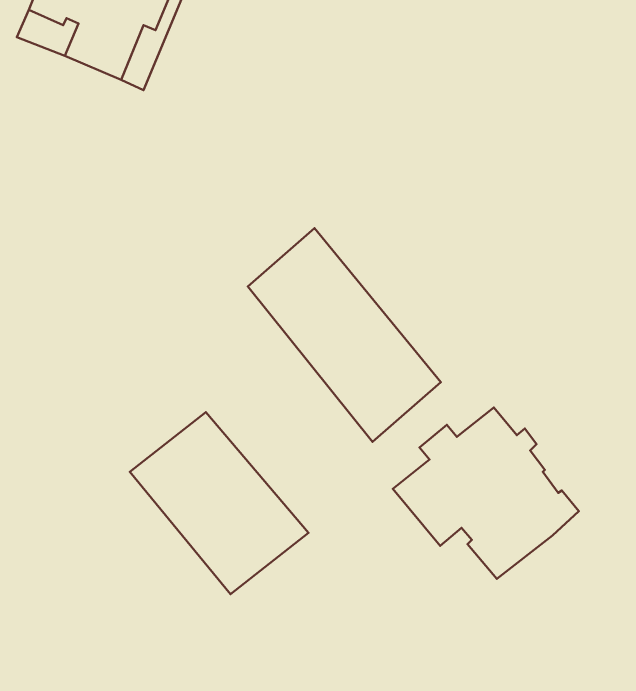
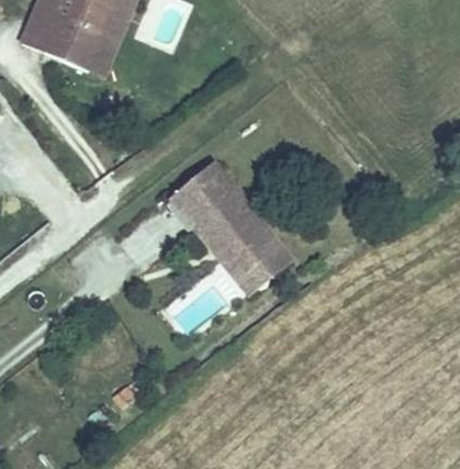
building: [393,408,579,579] -> none
building: [130,412,309,594] -> none

